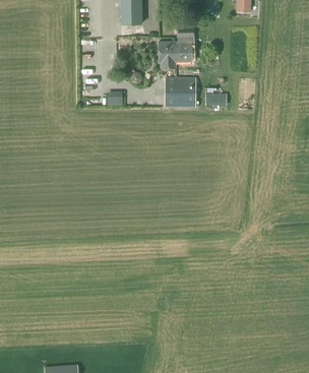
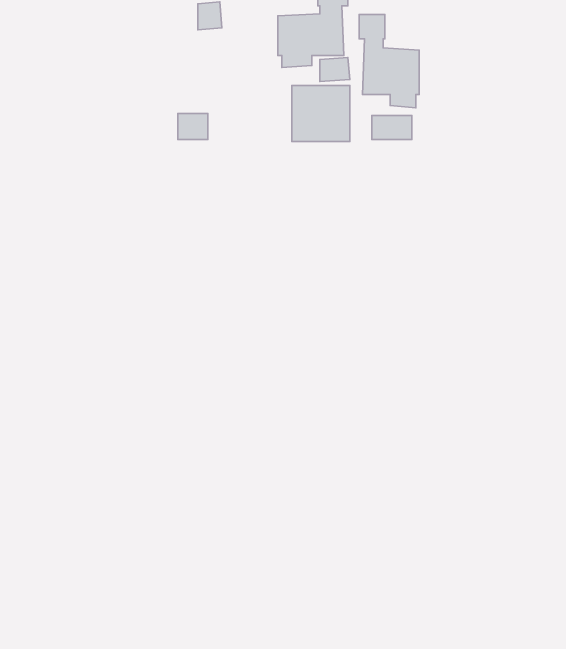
building: none -> [359,14,419,108]

